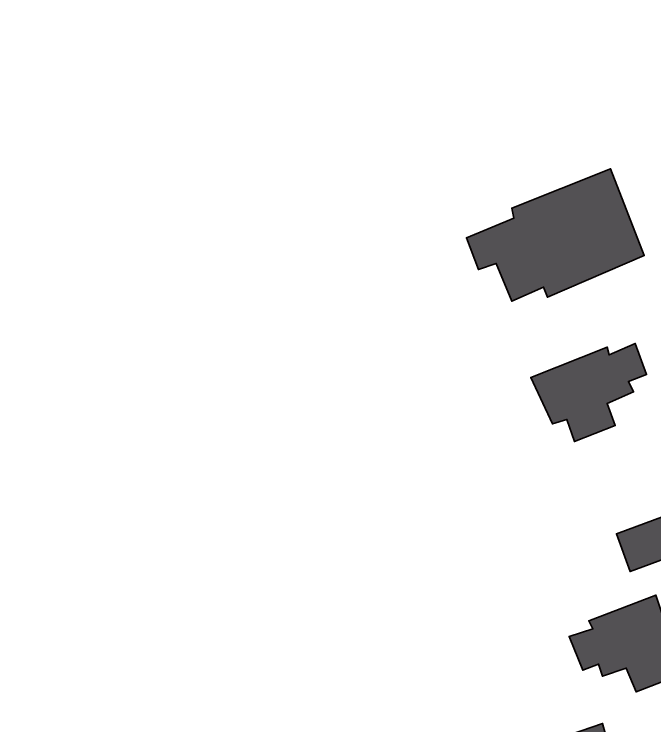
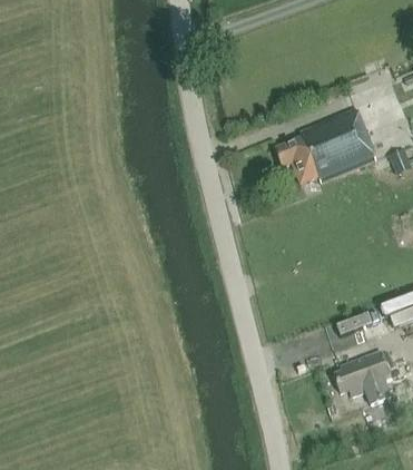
building: [531,343,646,441] -> none

